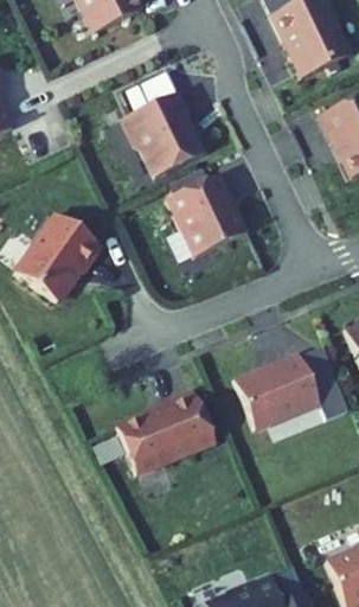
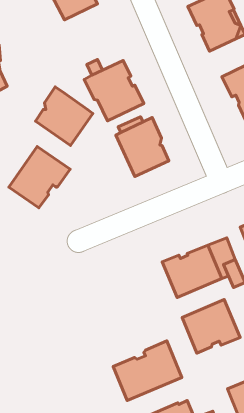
building: none -> [35,87,93,146]
building: [117,389,216,474] -> [113,341,182,401]
building: none -> [182,299,240,353]

